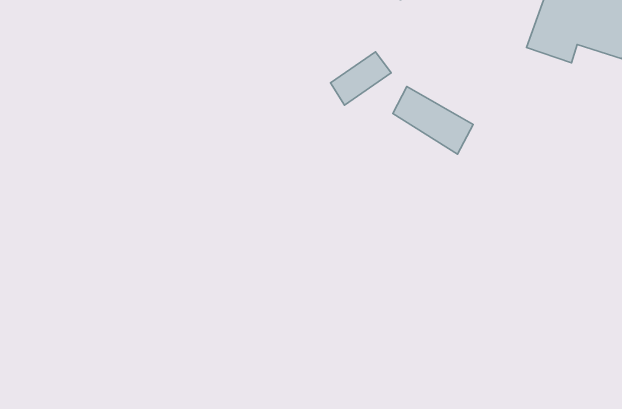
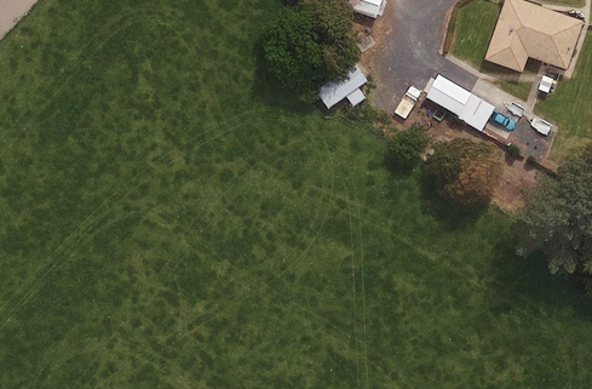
building: [393,87,473,154] -> [425,73,494,131]

